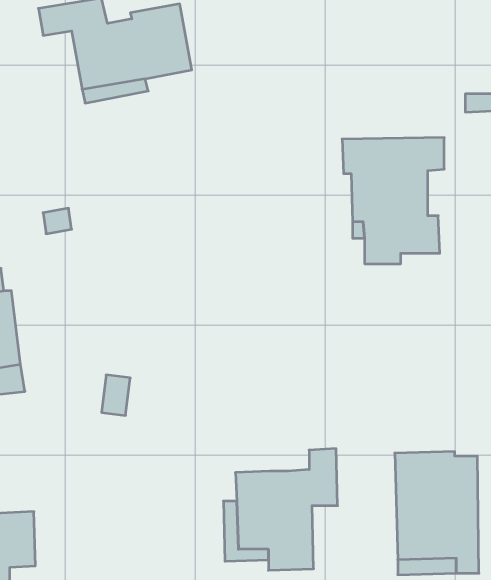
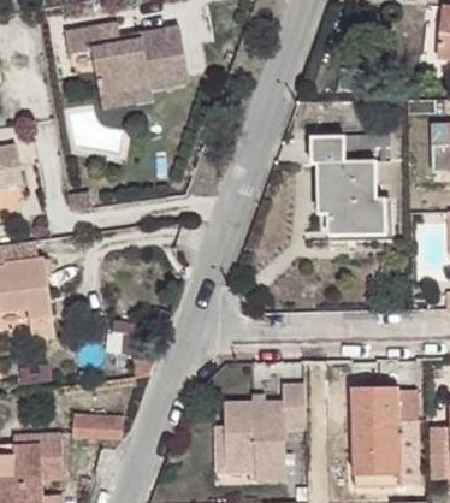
building: none -> [72,414,123,440]

